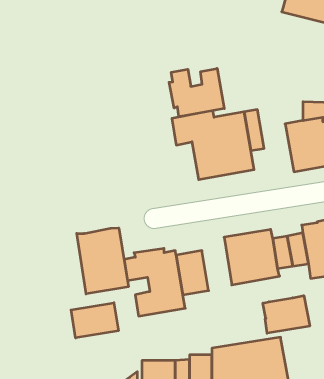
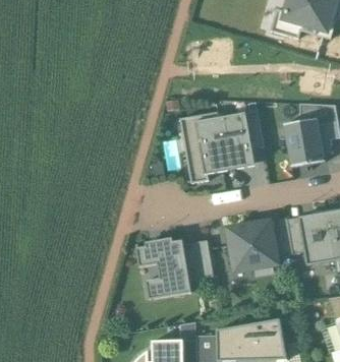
building: [169,68,224,116] -> none
building: [77,228,128,294] -> none
building: [263,296,310,333] -> none
building: [71,303,118,338] -> none

